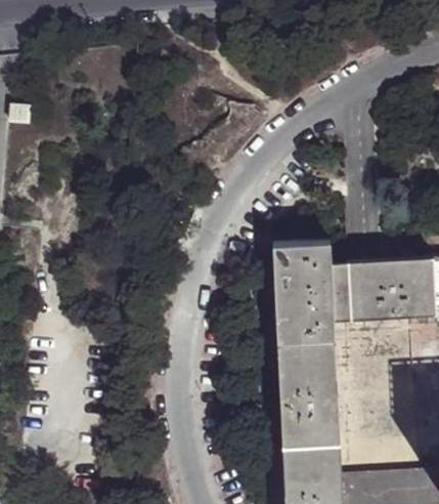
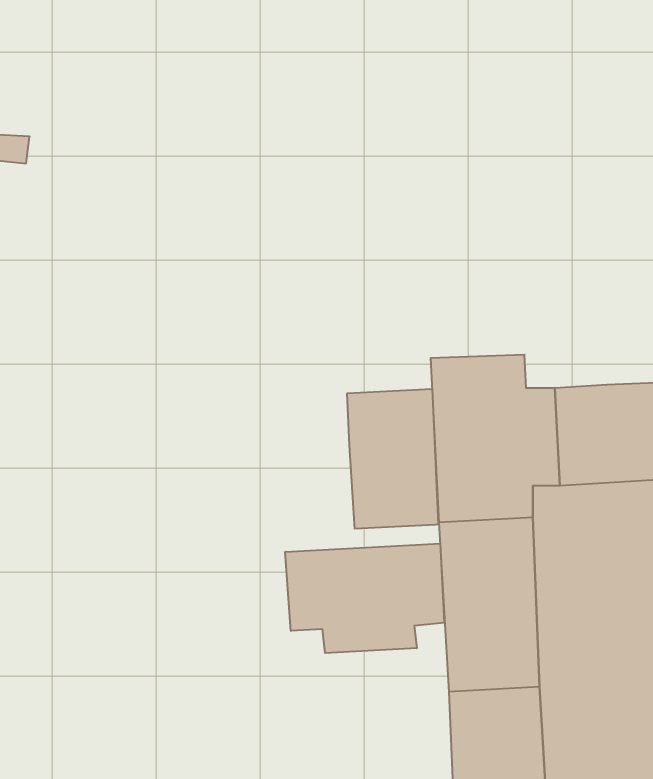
building: none -> [347,389,438,529]
building: none -> [285,543,444,653]

